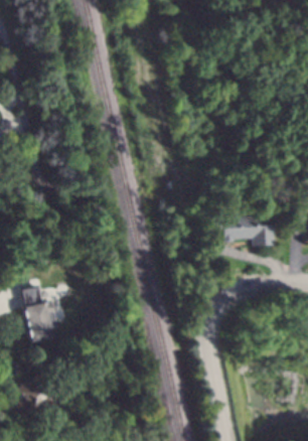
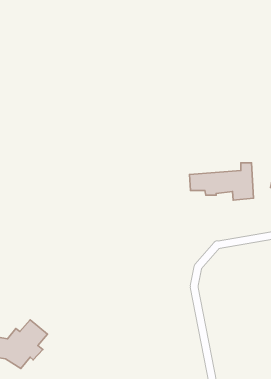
building: [22,286,60,343] -> none

